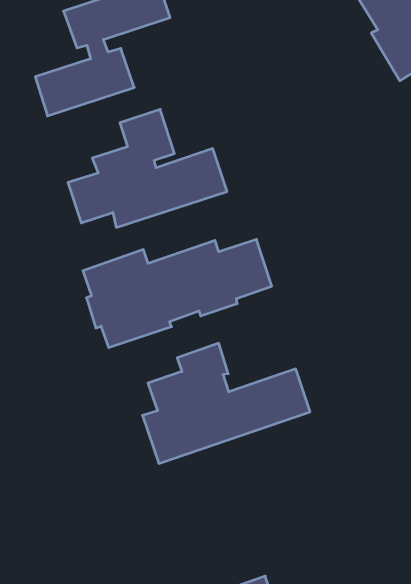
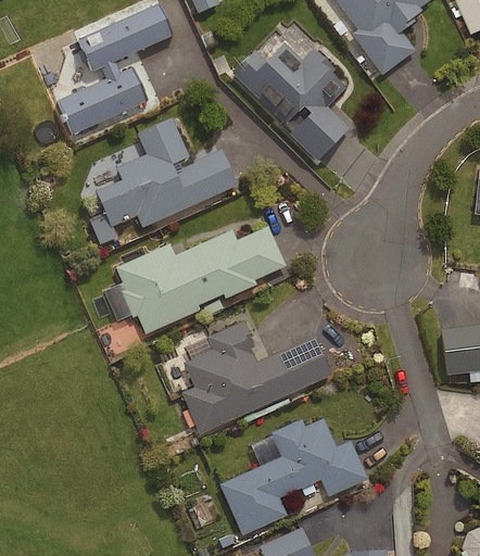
building: none -> [232,43,348,161]
building: none -> [223,415,370,531]

